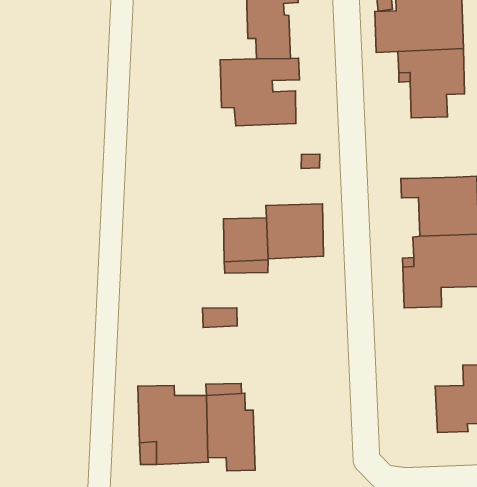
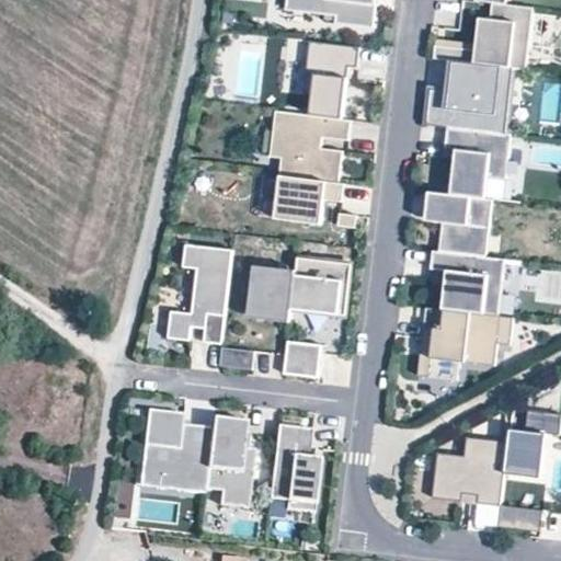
building: none -> [423,190,491,256]
building: none -> [274,175,343,224]
building: none -> [168,241,233,343]
building: none -> [284,340,322,377]
building: none -> [266,427,319,515]

